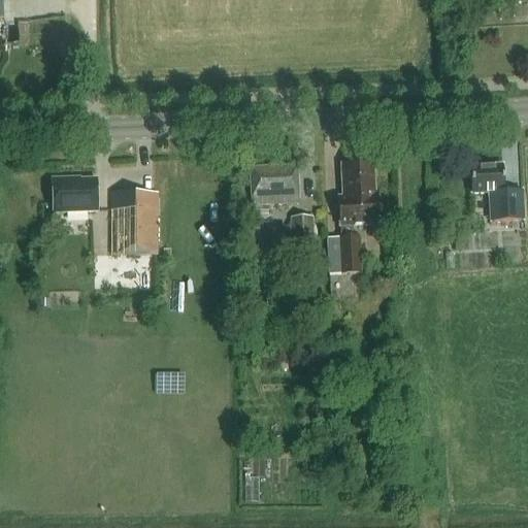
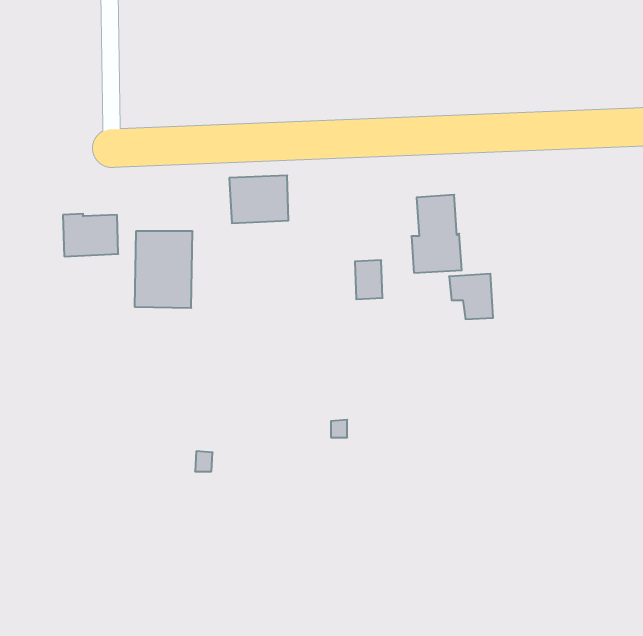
building: [470,162,523,220] -> none
building: [250,163,298,202] -> [229,175,288,223]
building: [325,234,361,271] -> [449,274,493,319]

